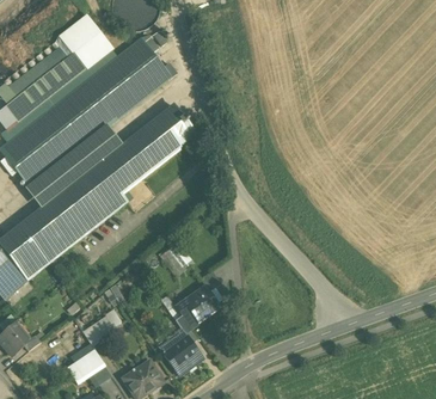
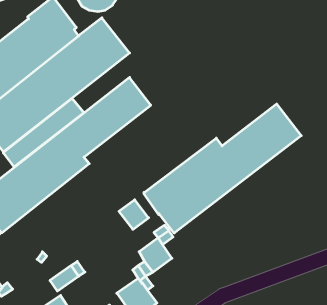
building: none -> [144,104,301,233]

